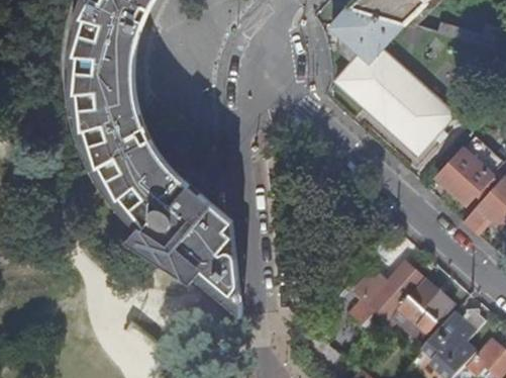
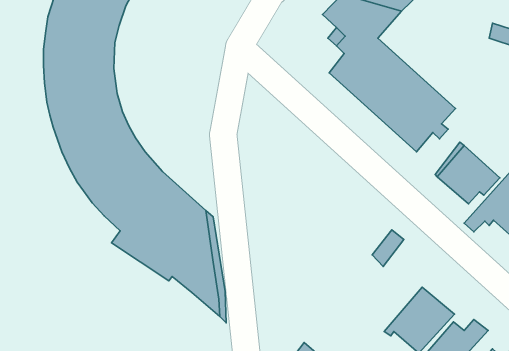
building: [348,265,423,326] -> none

